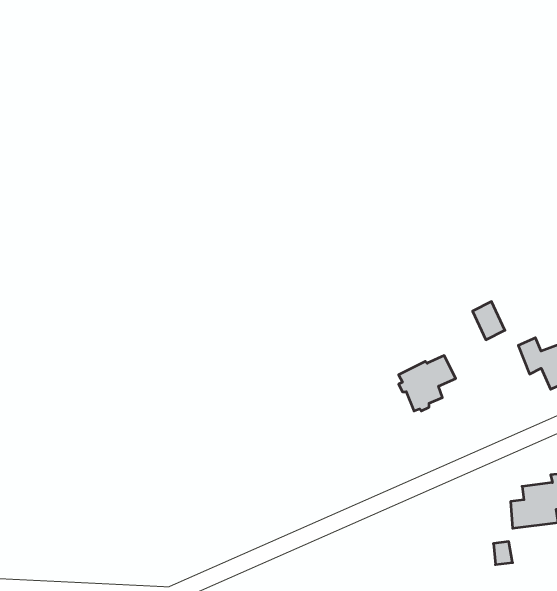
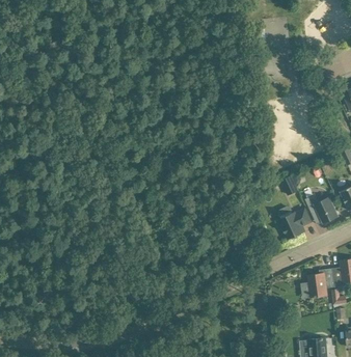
building: [399,356,456,411] -> [278,209,309,239]

